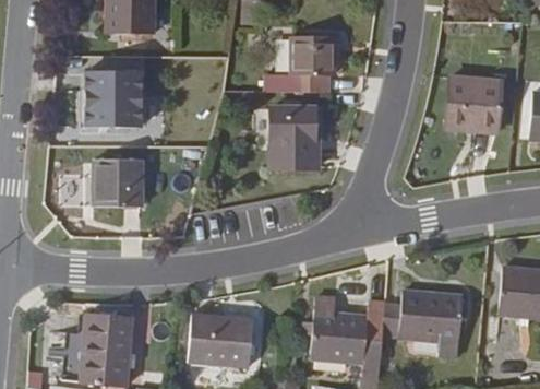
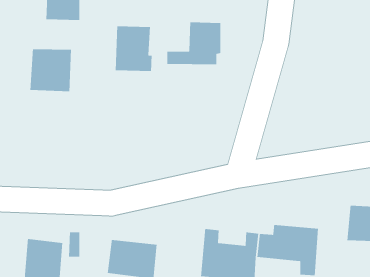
building: [448,74,507,128] -> none
building: [275,104,324,164] -> [115,26,153,72]
building: [93,155,141,203] -> none

